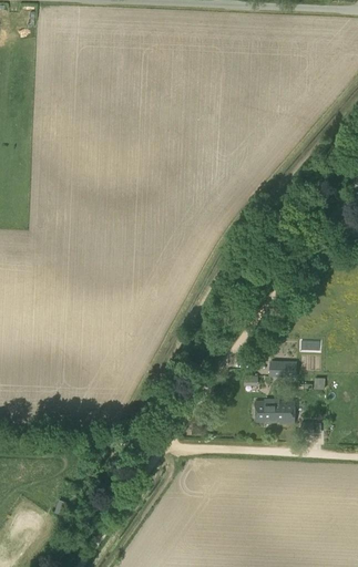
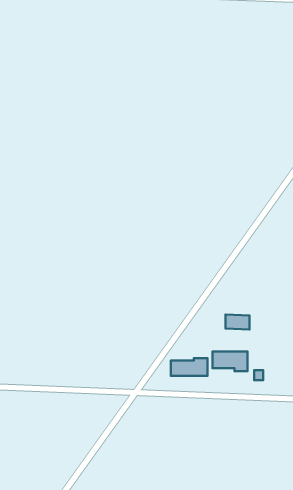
building: none -> [171,358,207,376]

